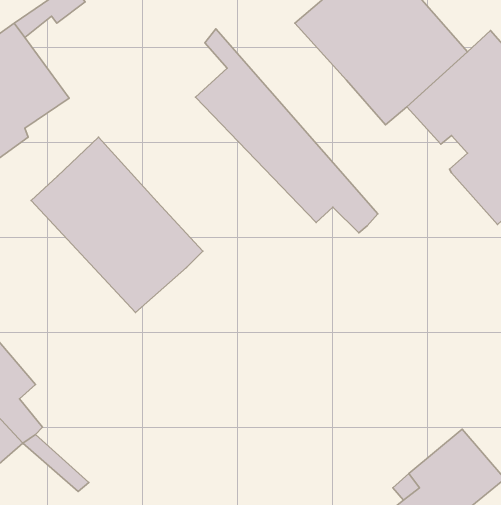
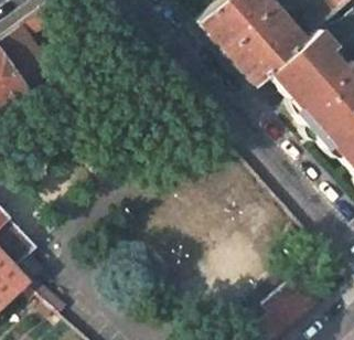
building: [196,29,378,233] -> none
building: [31,137,203,313] -> none

